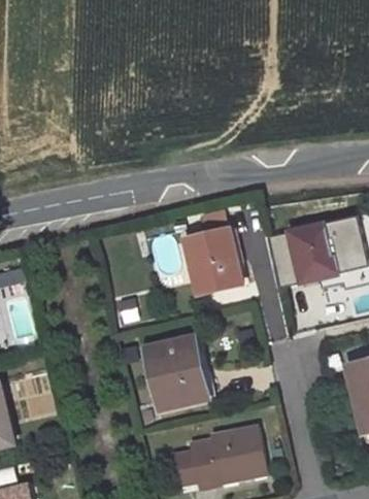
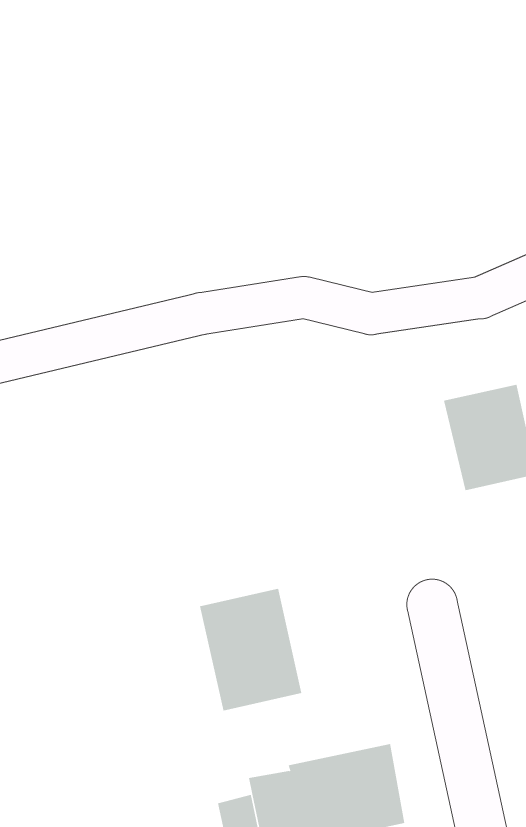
building: [184,229,242,293] -> none

